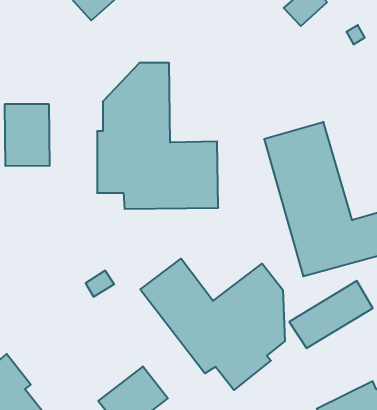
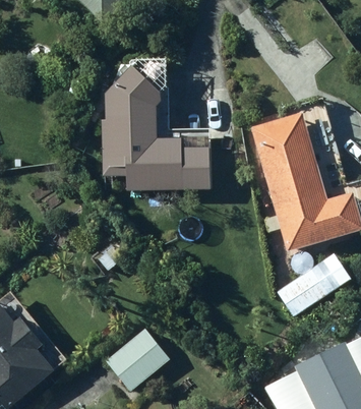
building: [5,104,49,166] -> none
building: [140,259,285,390] -> none

